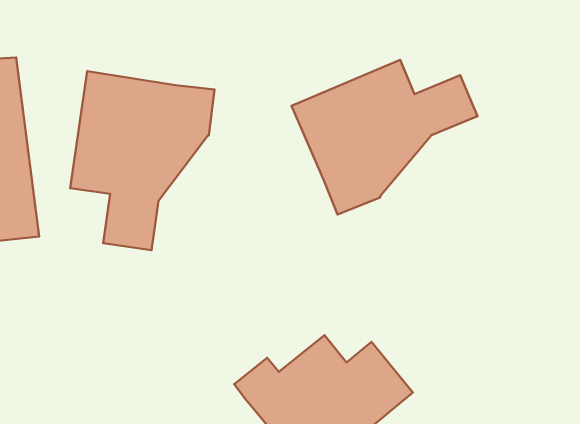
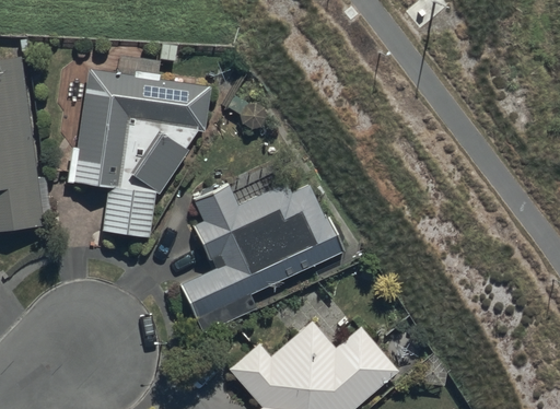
building: [292,60,477,215] -> none
building: none -> [176,183,342,317]

